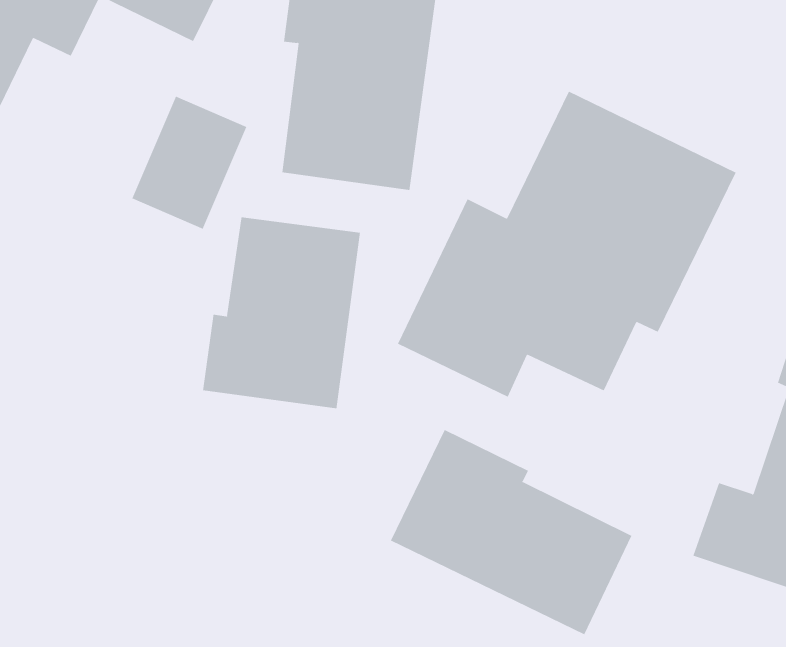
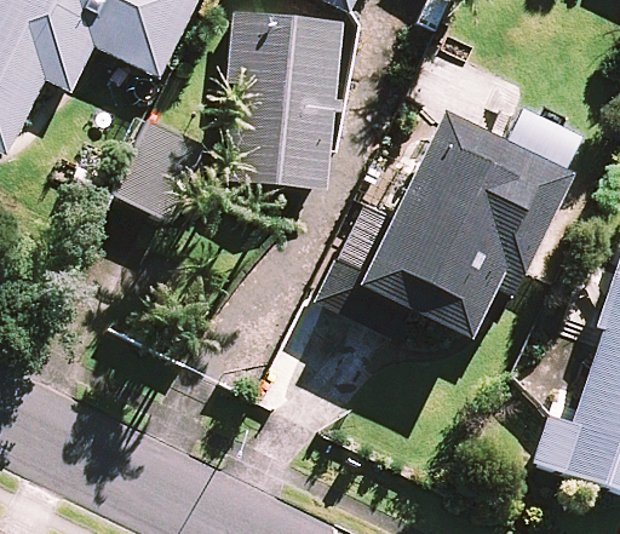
building: [202,216,360,409] -> none
building: [390,429,632,635] -> none

